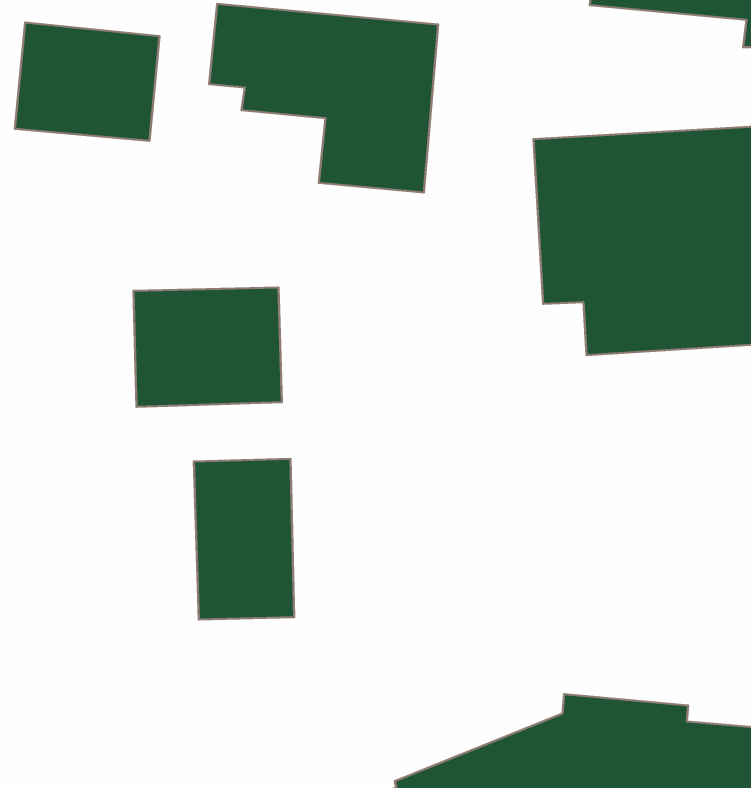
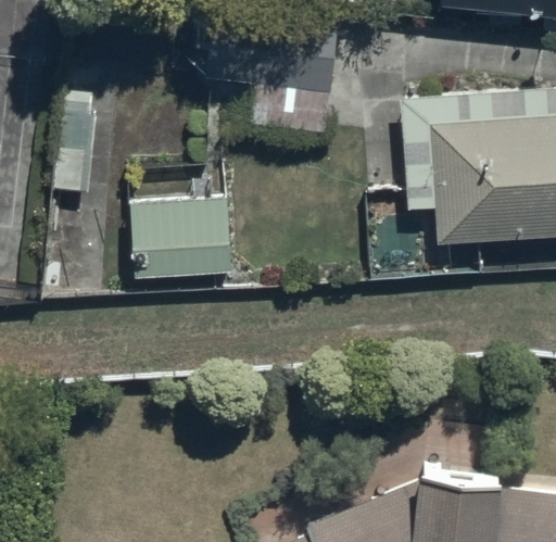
building: [15,23,160,141] -> none
building: [194,459,294,620] -> none

